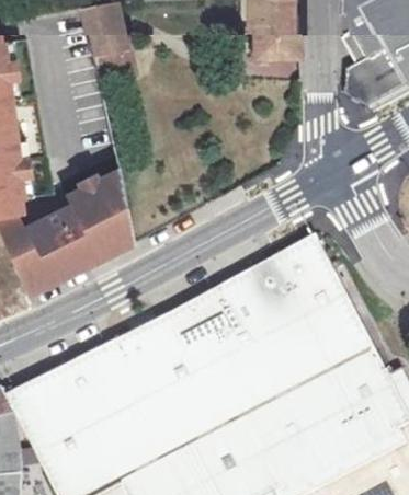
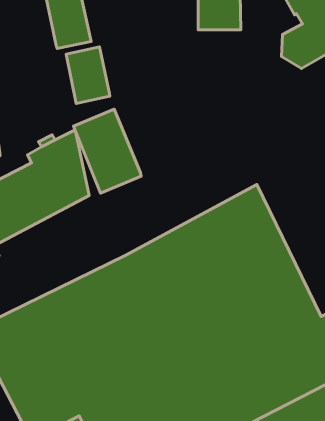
building: none -> [66,47,110,104]
building: none -> [74,109,141,193]

